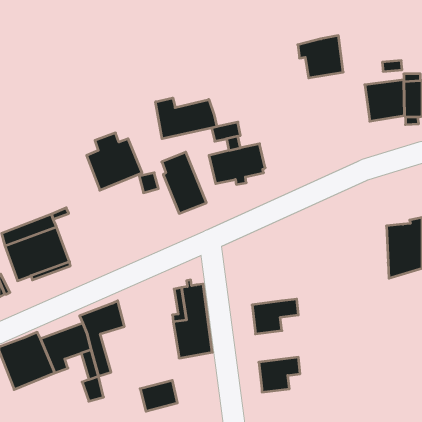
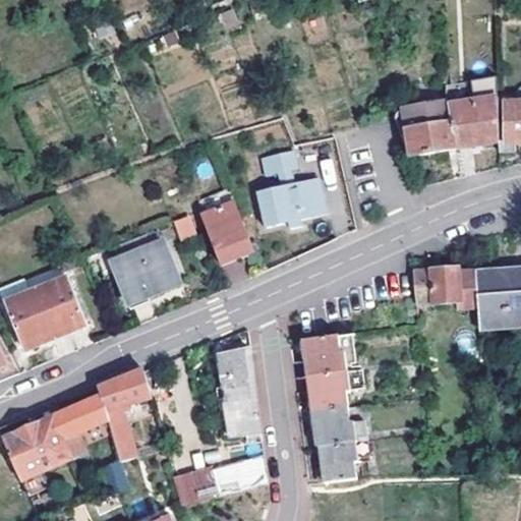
building: [298,36,343,78] -> [398,104,454,156]
building: [156,98,217,139] -> none
building: [87,133,142,190] -> [111,234,179,304]
building: none -> [411,268,476,323]
building: none -> [299,334,346,373]
building: none -> [313,405,366,444]
building: none -> [212,453,267,494]

